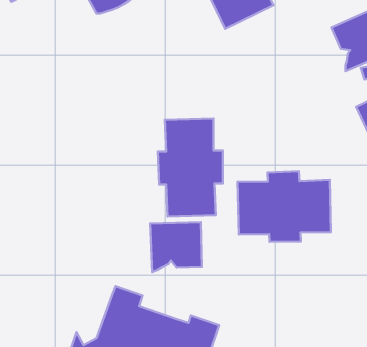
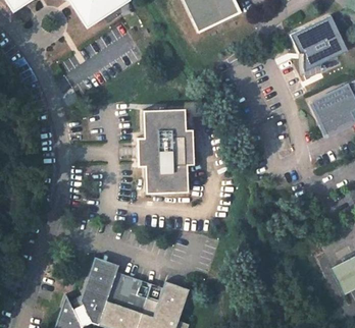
building: [237,171,331,242] -> none
building: [150,222,202,272] -> none

